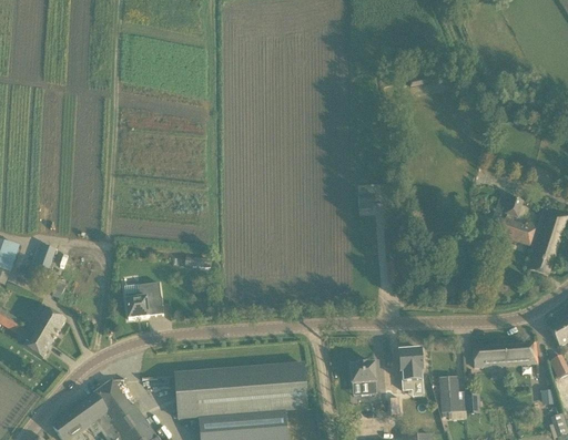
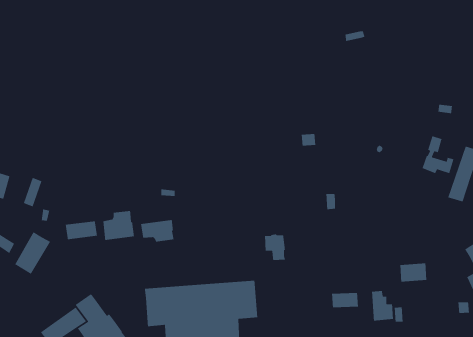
building: none -> [140,219,175,243]
building: none -> [65,220,98,240]
building: [504,342,536,366] -> none
building: [399,350,423,372] -> none
building: [351,364,376,396] -> [264,233,286,261]

